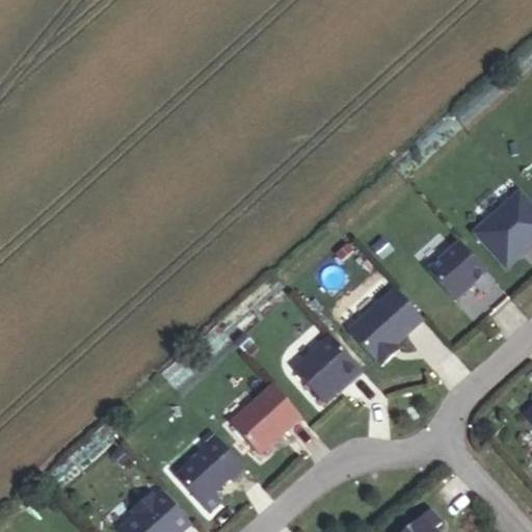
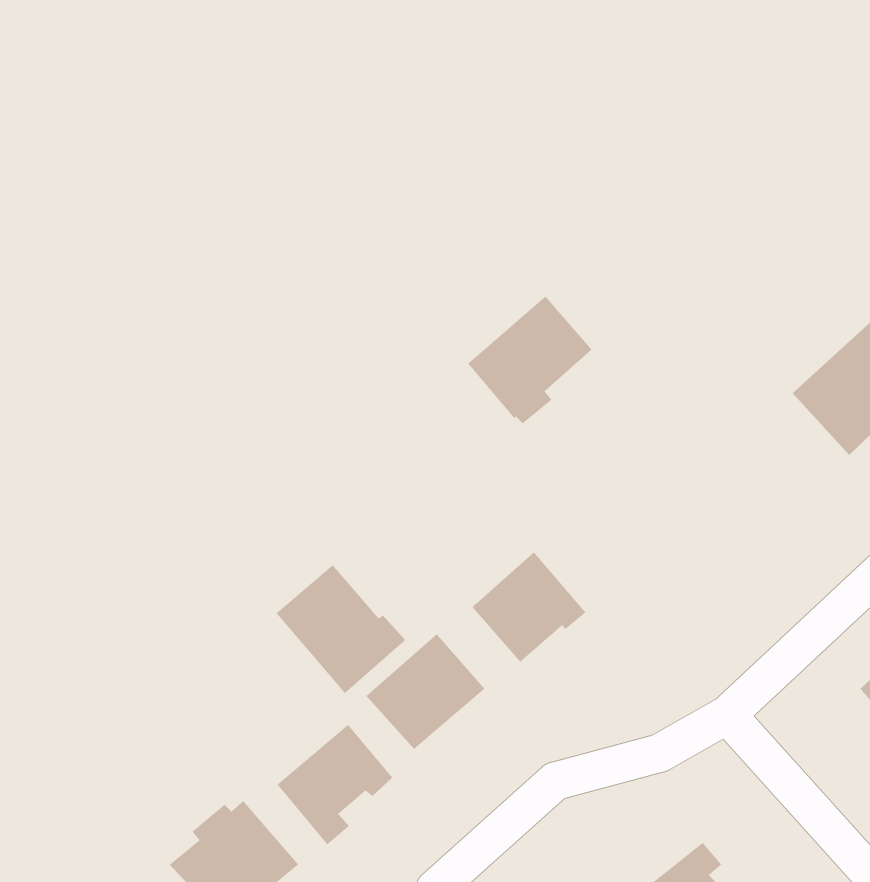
building: [430,243,496,302] -> none
building: [349,287,424,364] -> [467,296,593,424]
building: none -> [275,564,406,694]

